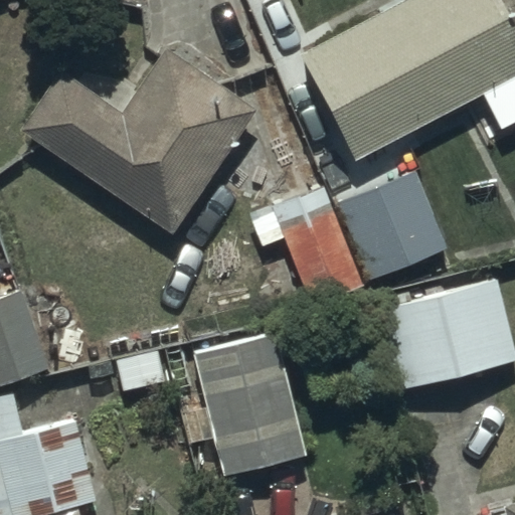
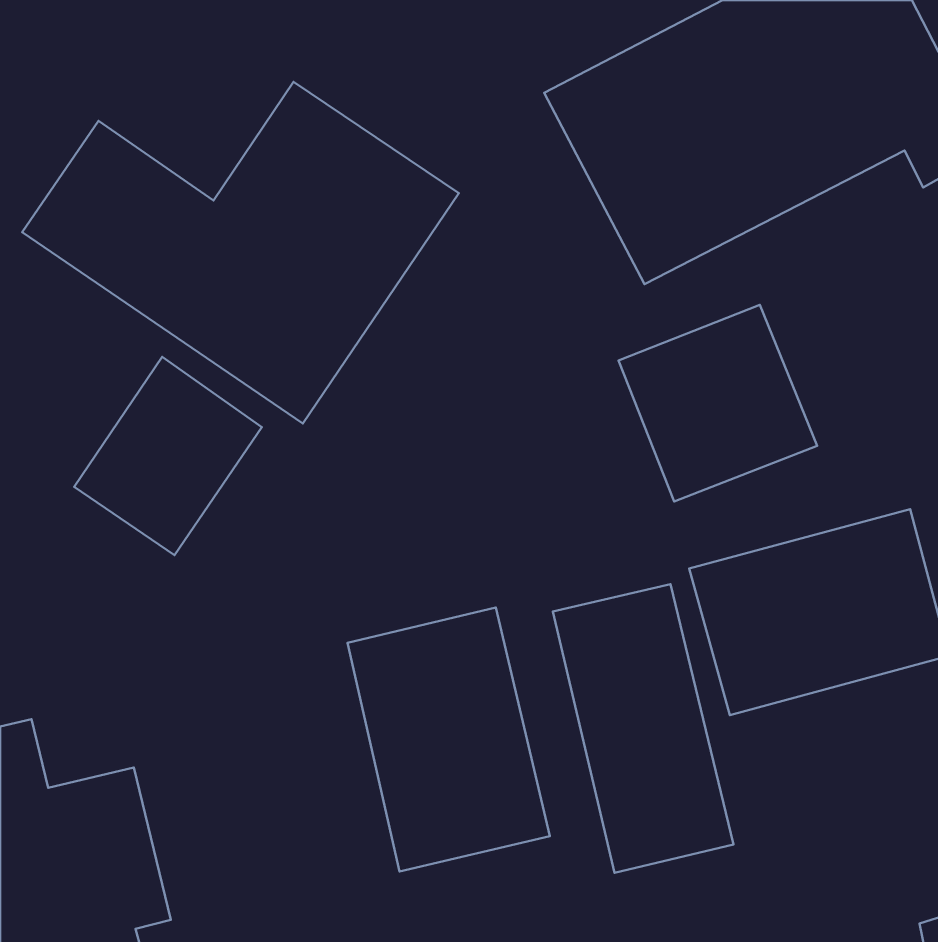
building: [272,184,370,317] -> none
building: none -> [74,357,262,555]
building: none -> [553,584,733,873]

